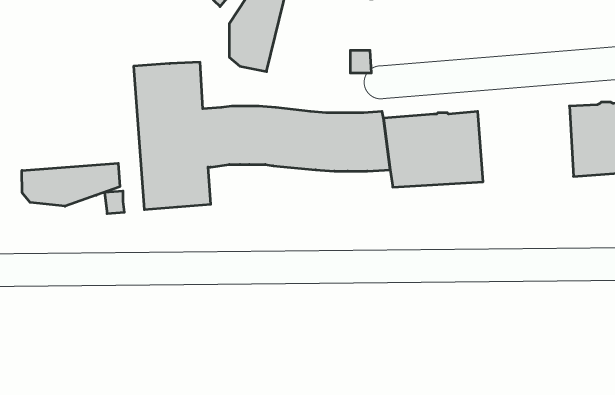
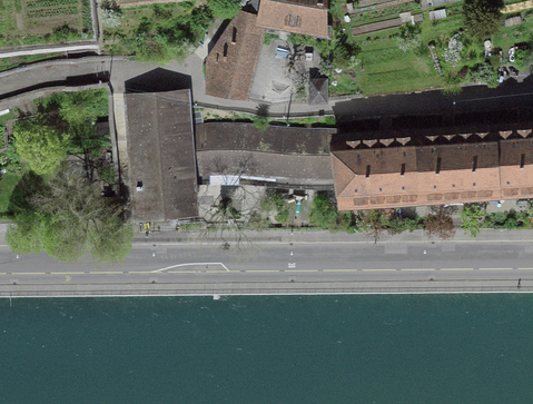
building: none -> [417,129,497,193]
building: [22,163,120,206] -> none

